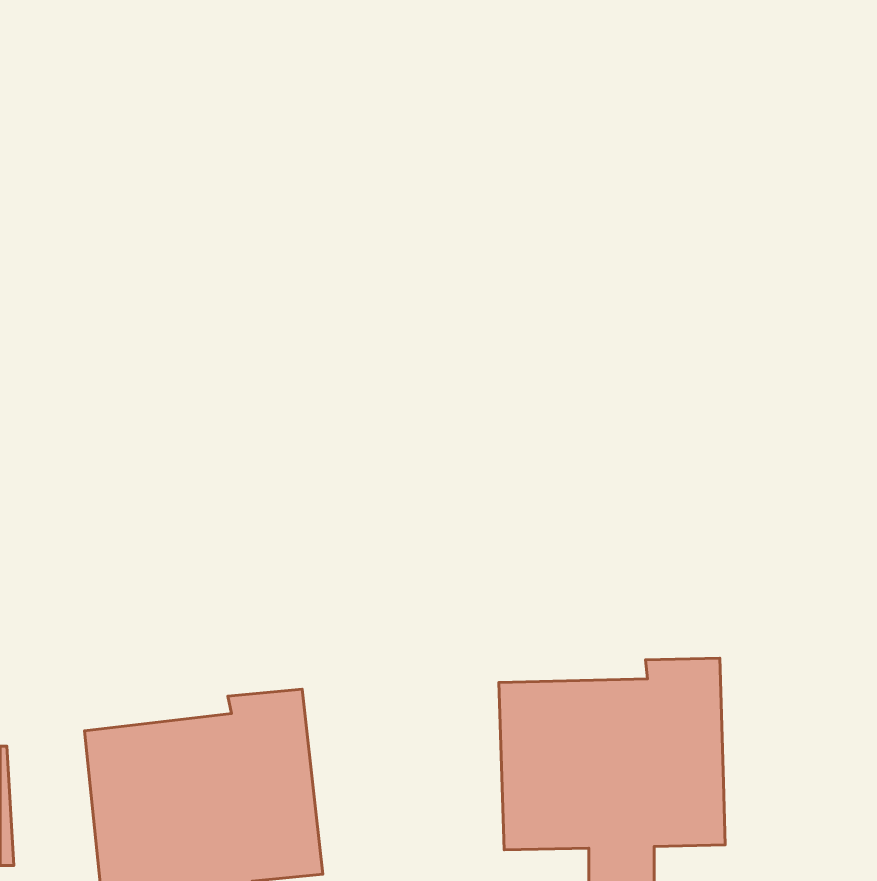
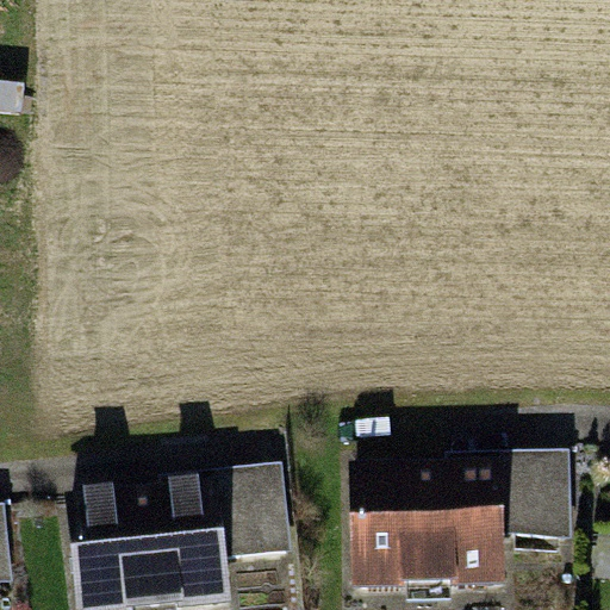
building: none -> [500,454,575,541]
building: none -> [212,468,294,561]

